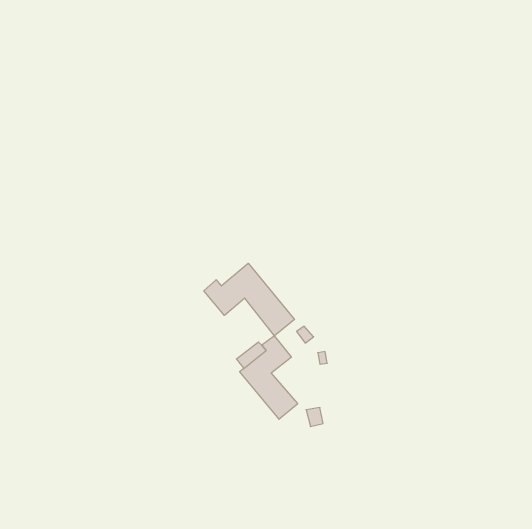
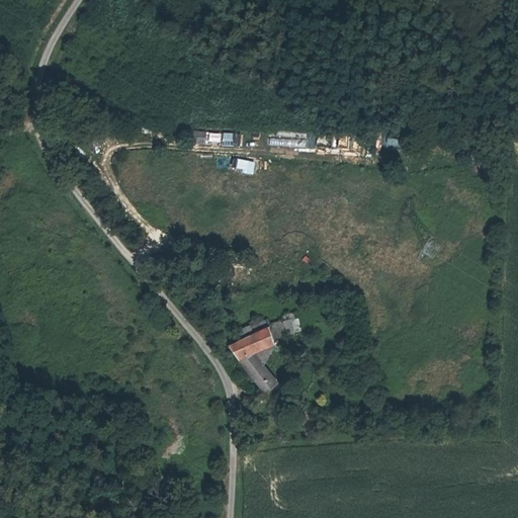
building: [204,263,294,336] -> none

